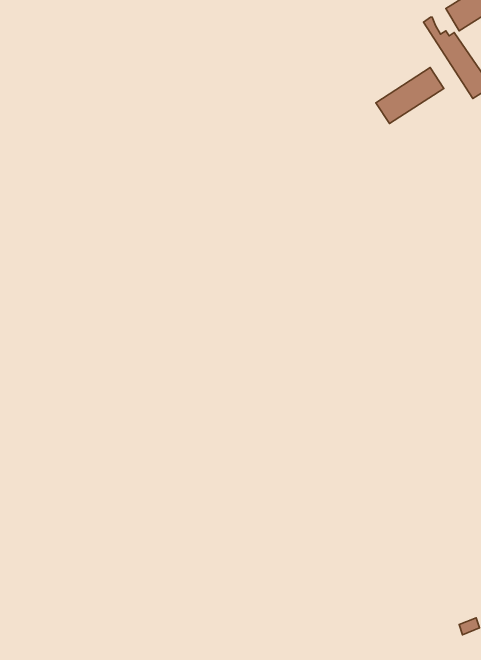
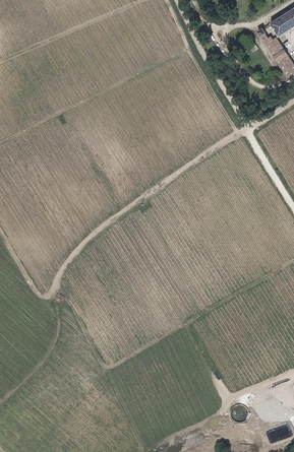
building: [376,68,444,123] -> none

